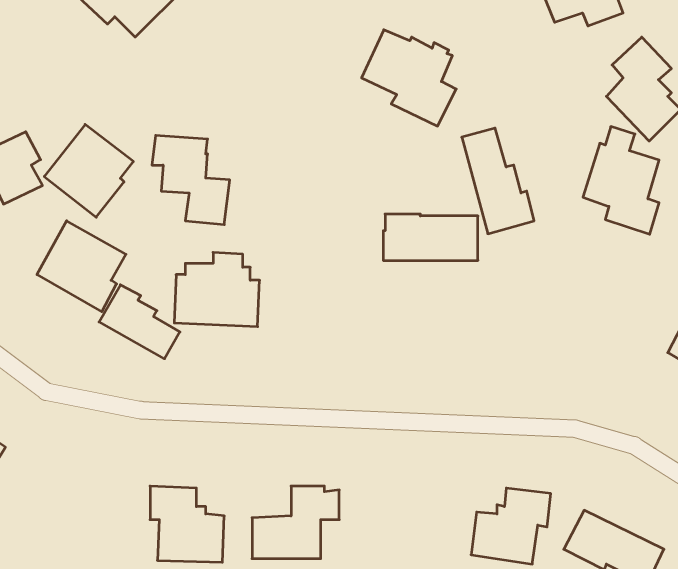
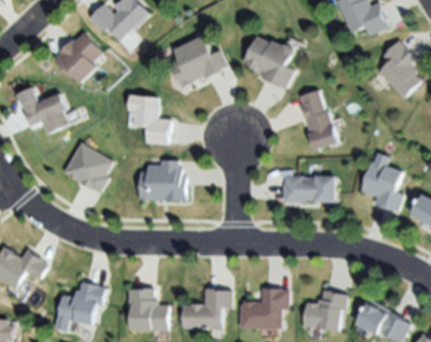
building: none -> [170,35,229,87]
building: [44,124,133,217] -> [53,32,103,83]
building: [583,127,659,234] -> [361,153,403,212]
building: [383,214,478,260] -> [282,176,335,202]
building: [99,285,180,359] -> none
building: none -> [56,282,106,326]
building: none -> [240,289,288,328]

